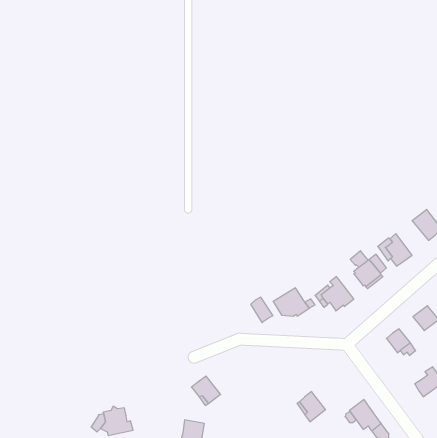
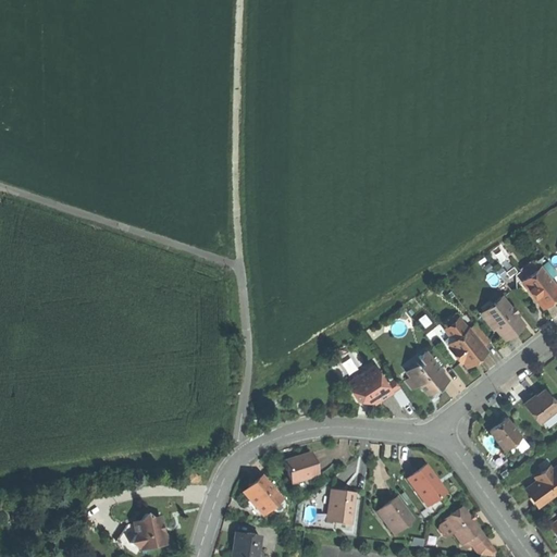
building: [251,297,273,323] -> none
building: none -> [286,451,320,483]
building: none -> [408,466,447,506]
building: none -> [327,491,356,524]

